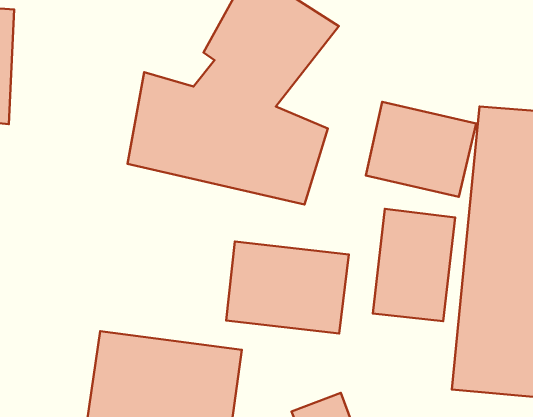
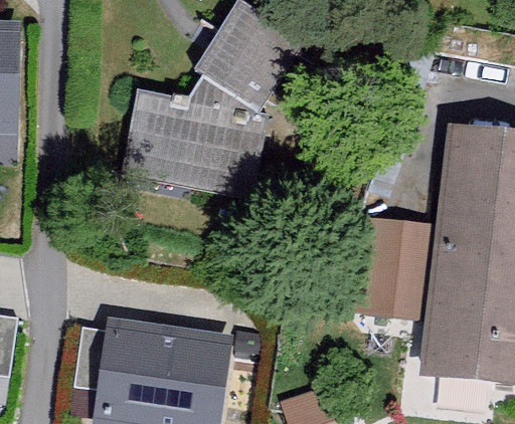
building: [366,102,476,197] -> none
building: [226,241,349,334] -> none

